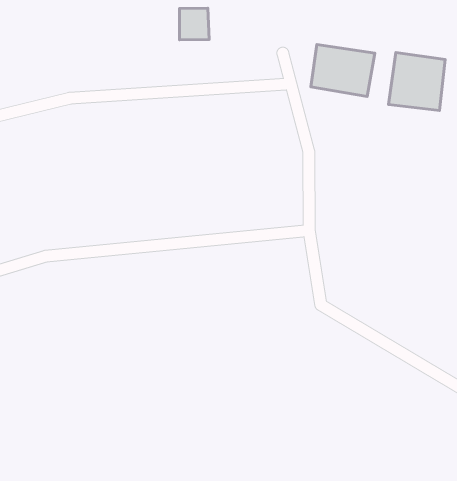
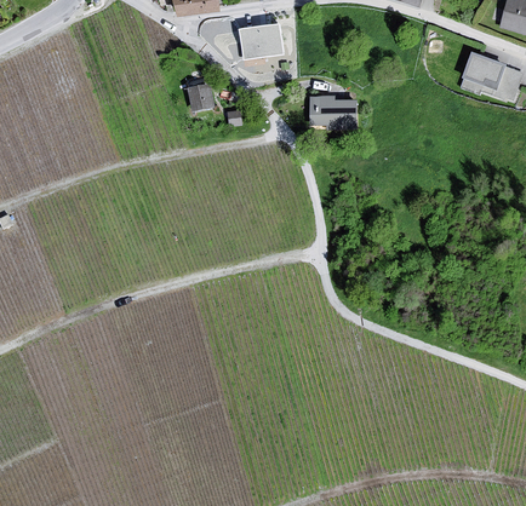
building: [388,52,445,111] -> none

